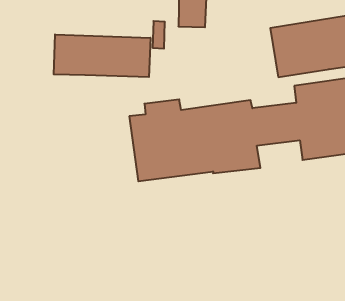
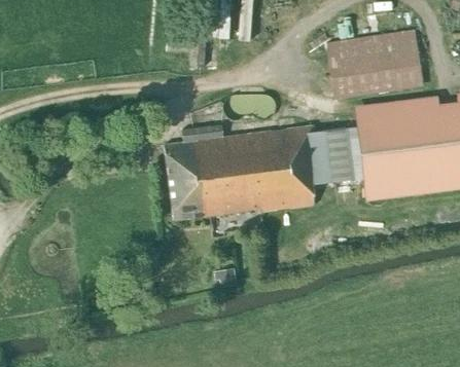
building: [54,34,150,77] -> none

